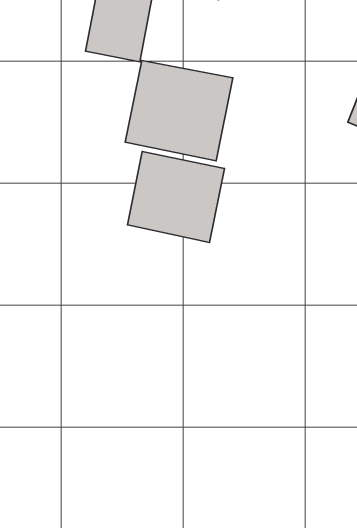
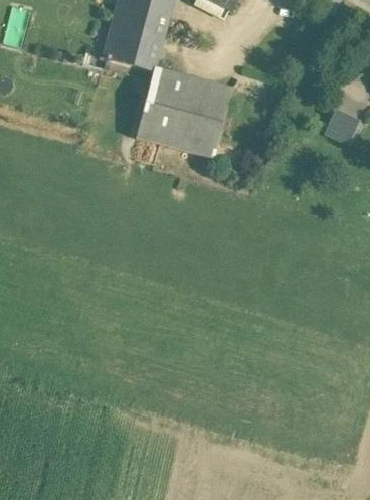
building: [127,151,225,243] -> none

